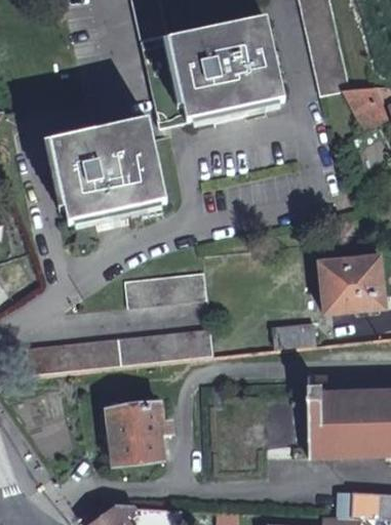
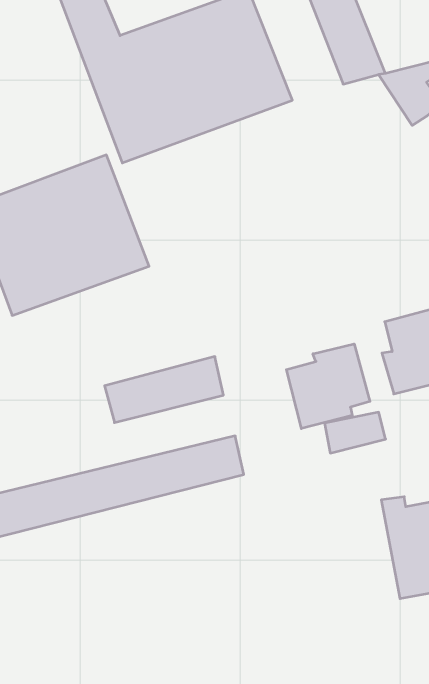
building: none -> [286,344,370,429]
building: [108,399,170,466] -> none

